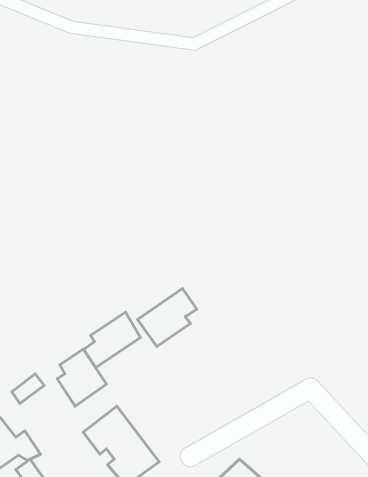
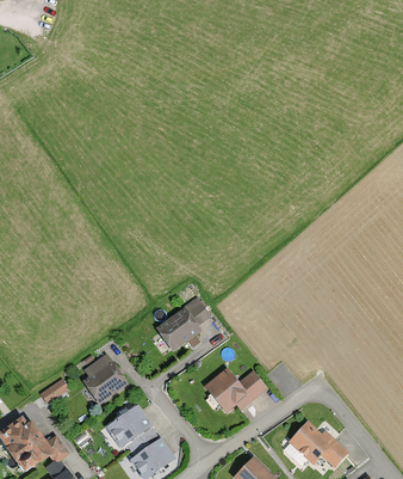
building: [84,312,141,367] -> none
building: none -> [200,367,262,413]
building: none -> [283,420,347,467]

